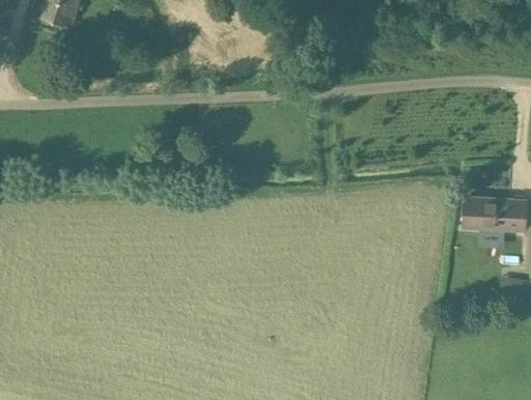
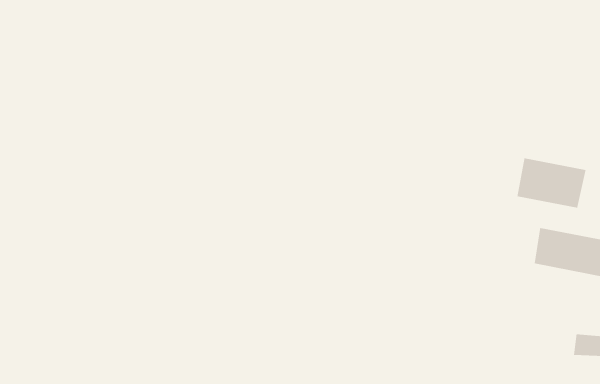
building: none -> [517,157,586,209]

